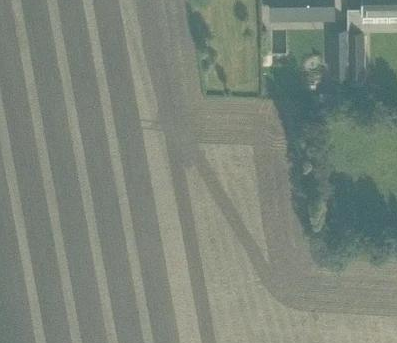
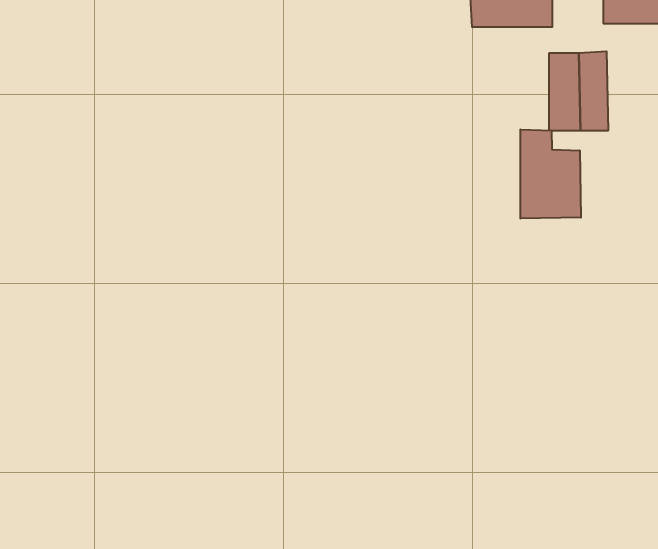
building: none -> [520,129,581,219]

